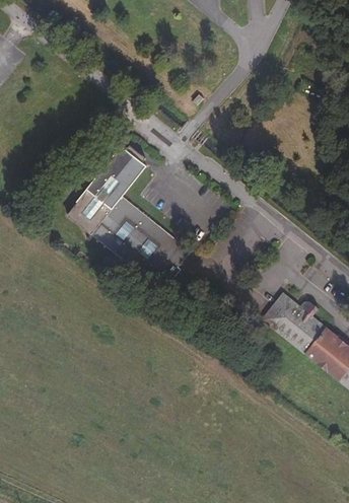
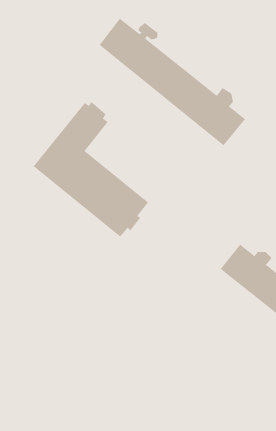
building: none -> [99,18,246,146]

